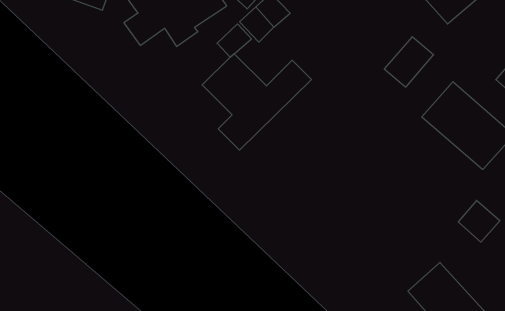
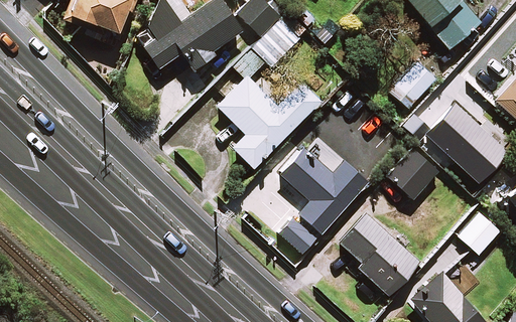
building: none -> [280,146,367,253]
building: none -> [387,146,438,198]
building: none -> [339,212,419,295]

